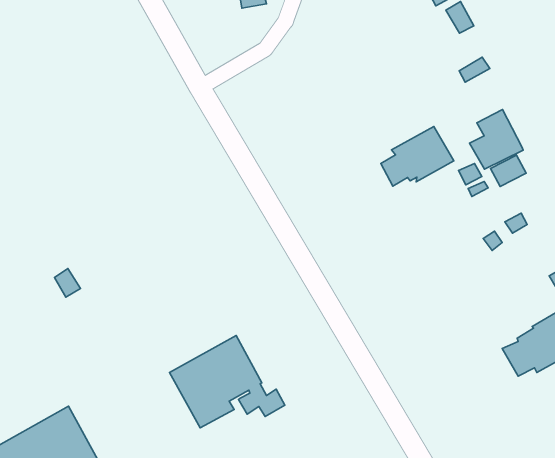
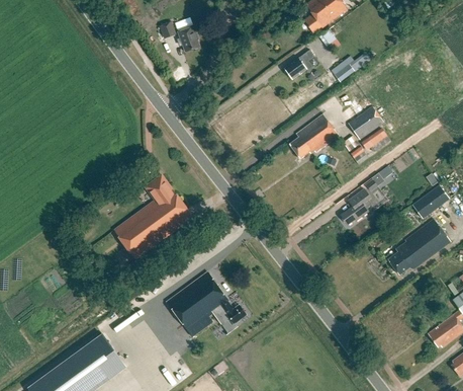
building: none -> [284,50,314,80]
building: none -> [114,175,192,258]
building: none -> [341,188,372,224]

